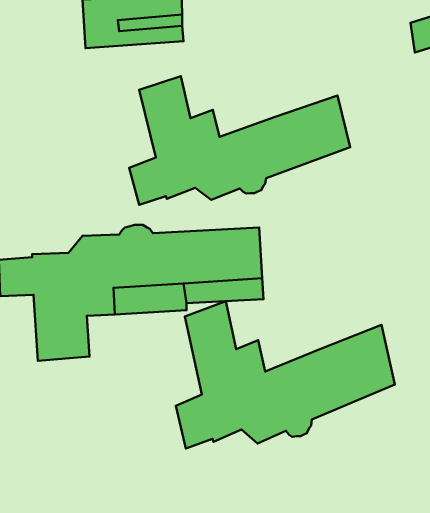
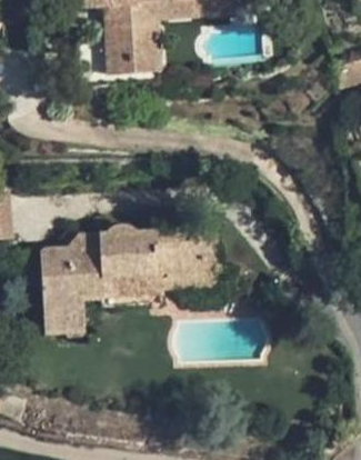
building: [129,76,350,205] -> none
building: [176,301,395,449] -> none

